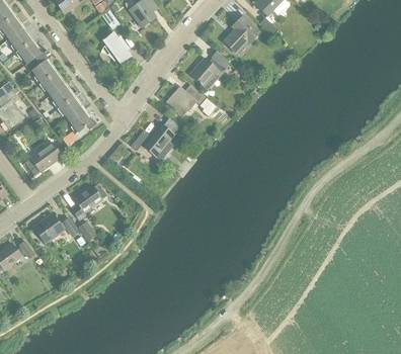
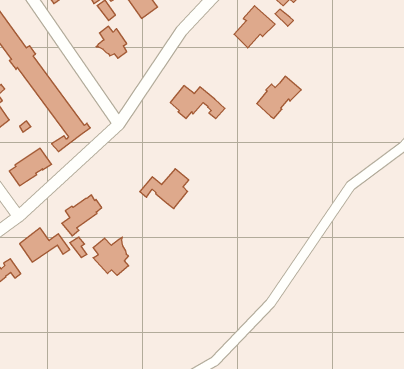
building: [190,50,230,87] -> [257,76,301,118]
building: [130,123,173,159] -> [140,169,189,209]
building: none -> [93,237,129,275]

